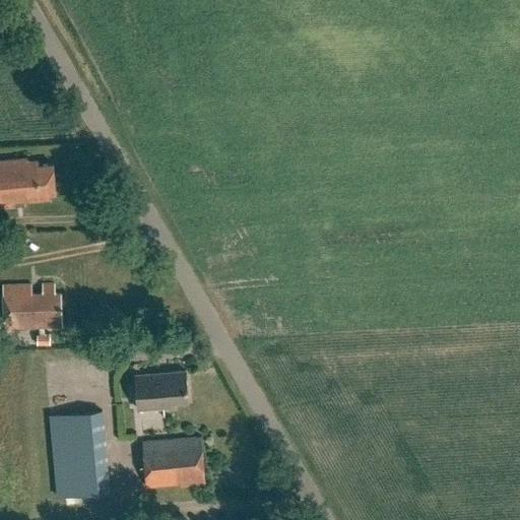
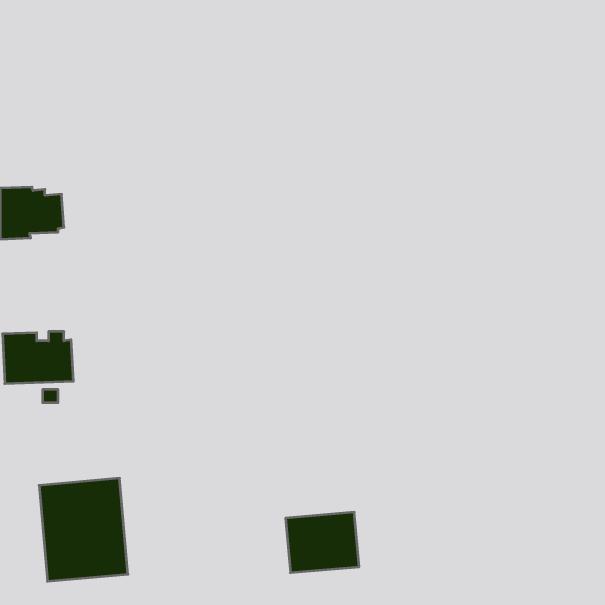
building: [135,370,189,409] -> none
building: [142,437,205,489] -> [286,512,359,573]

